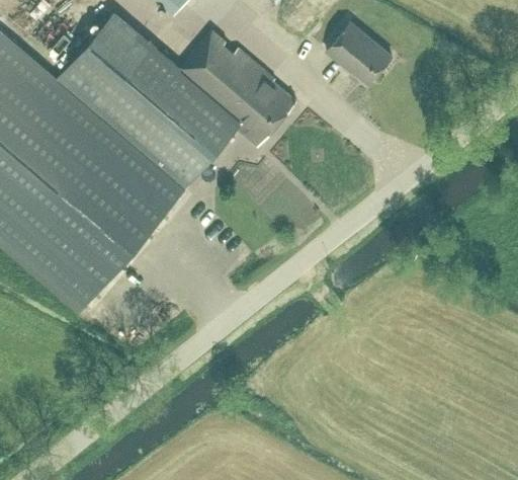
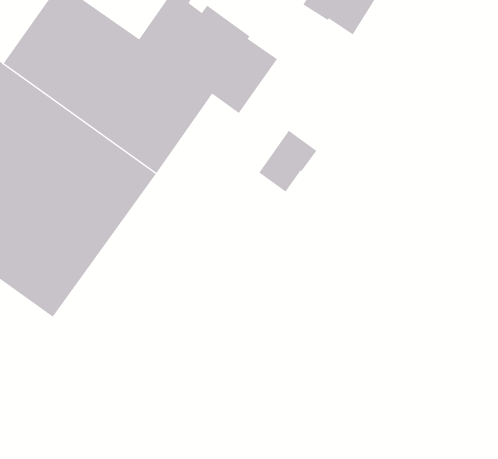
building: none -> [258,130,317,193]

